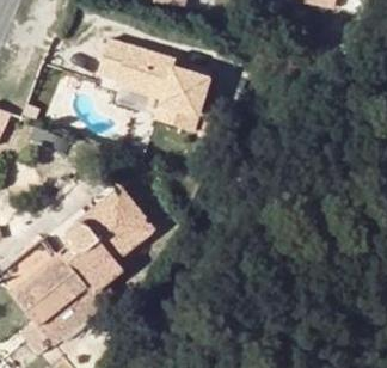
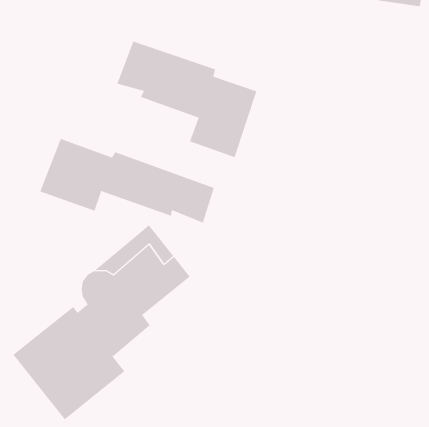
building: none -> [40,138,215,224]

